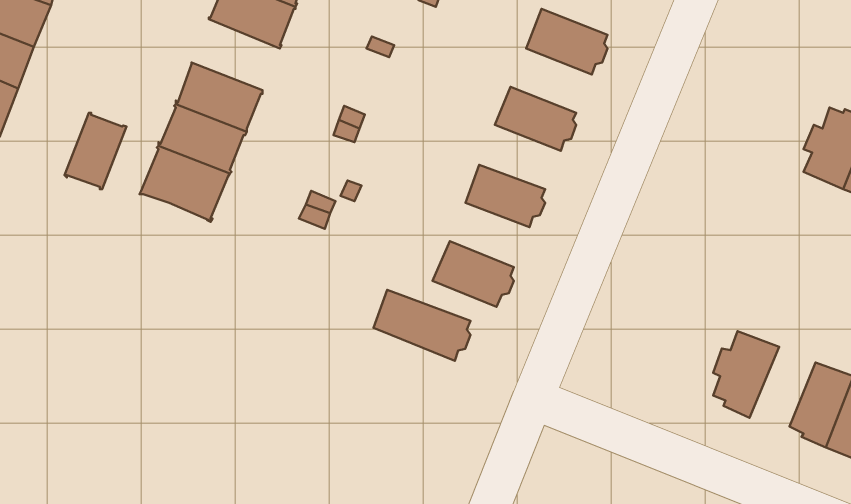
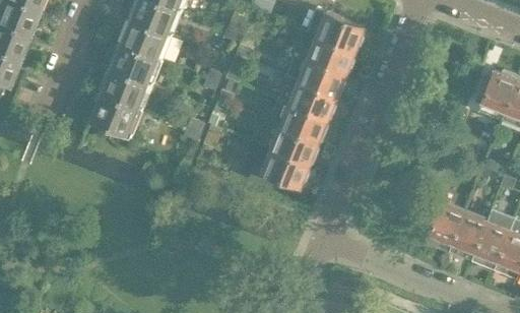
building: none -> [121,19,173,61]
building: none -> [308,37,355,74]
building: [65,113,127,189] -> none
building: none -> [279,81,337,119]
building: [373,290,470,361] -> [262,123,319,165]
building: none -> [448,211,486,258]

